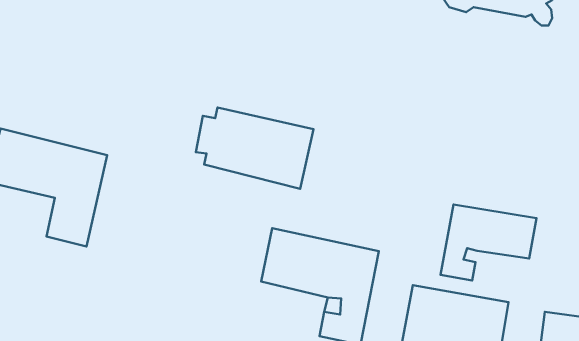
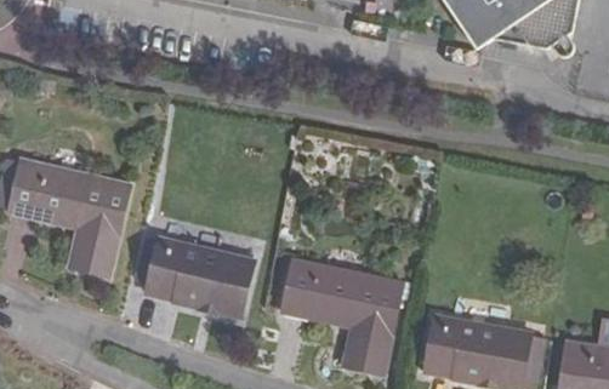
building: [196,107,313,189] -> [136,238,254,319]
building: [440,205,536,280] -> none

